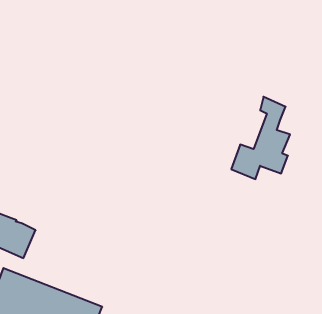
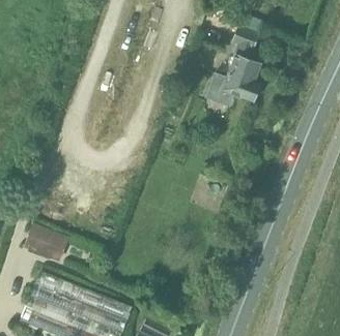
building: [231,97,290,179] -> [206,29,261,105]

